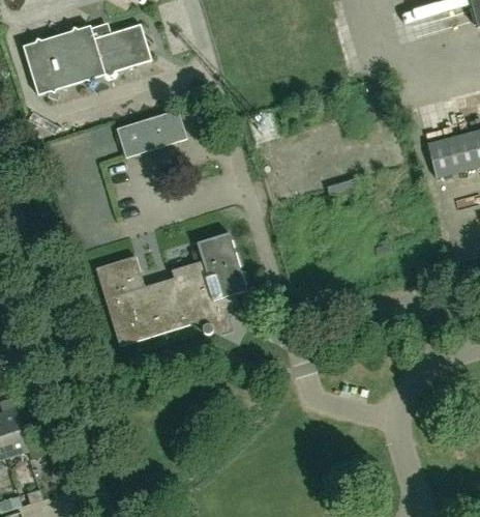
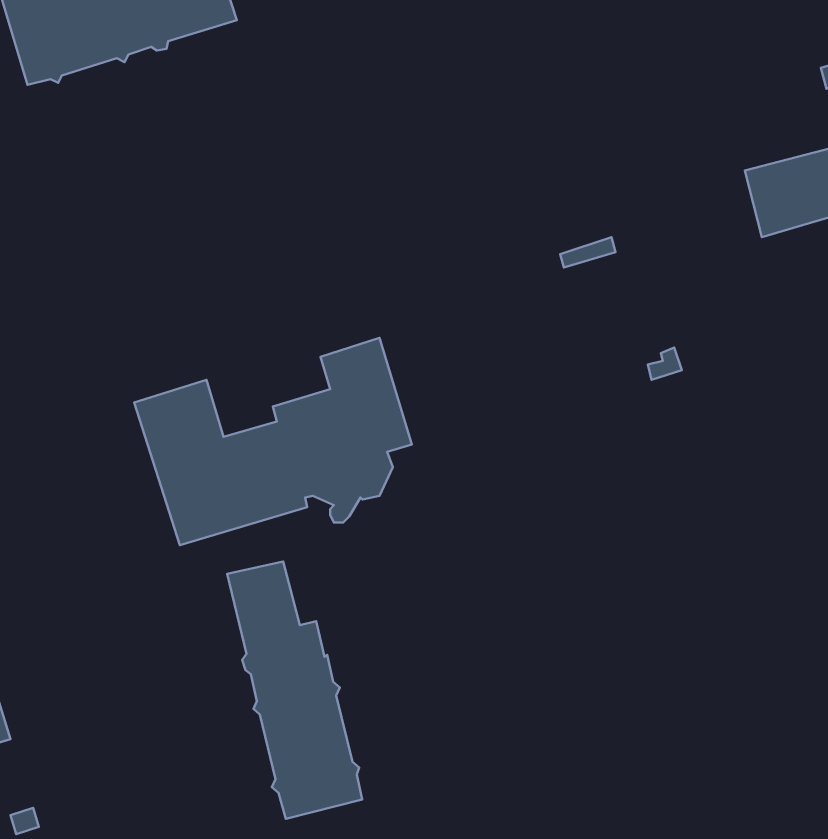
building: [117,109,187,157] -> none
building: none -> [227,562,362,819]

